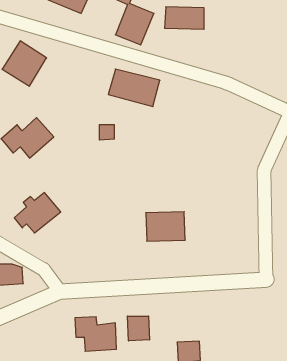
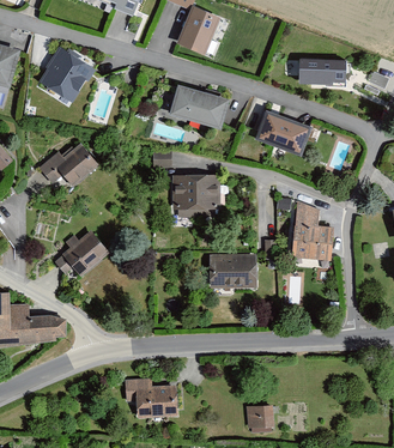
building: [165,7,204,29] -> [302,56,348,83]
building: none -> [253,110,310,156]
building: none -> [174,174,220,208]
building: none -> [291,200,335,260]
building: [127,316,149,341] -> none

